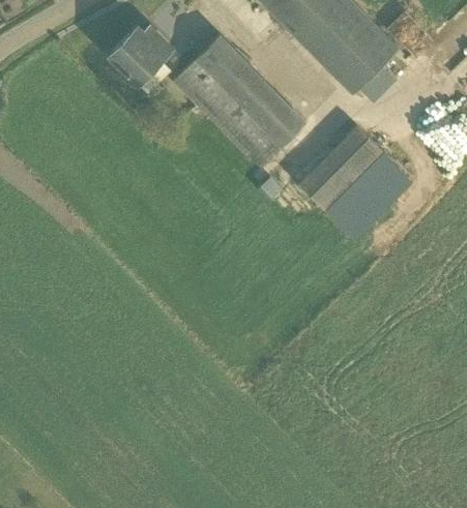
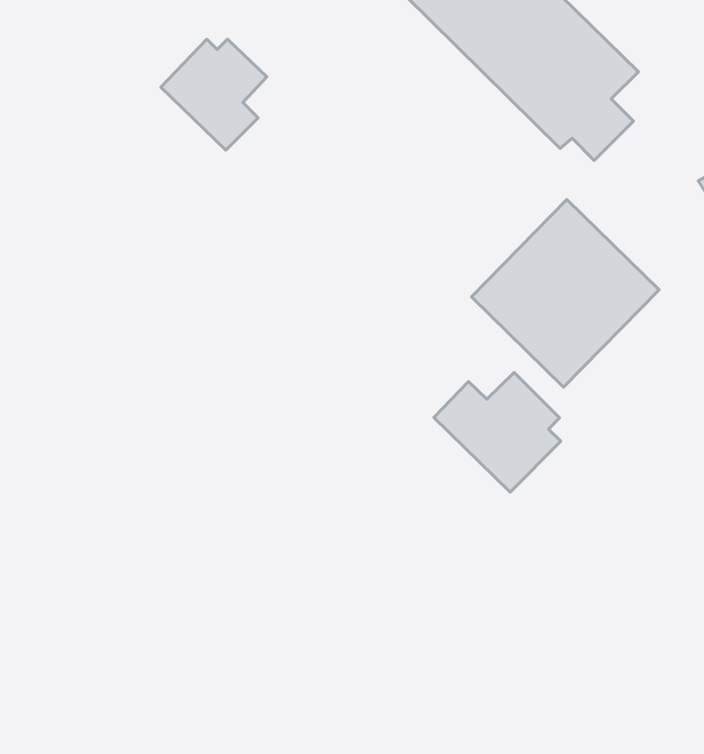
building: [172,33,305,168] -> none
building: none -> [434,373,561,492]

